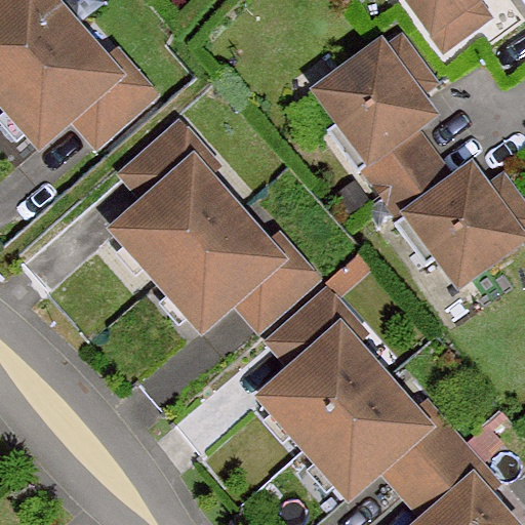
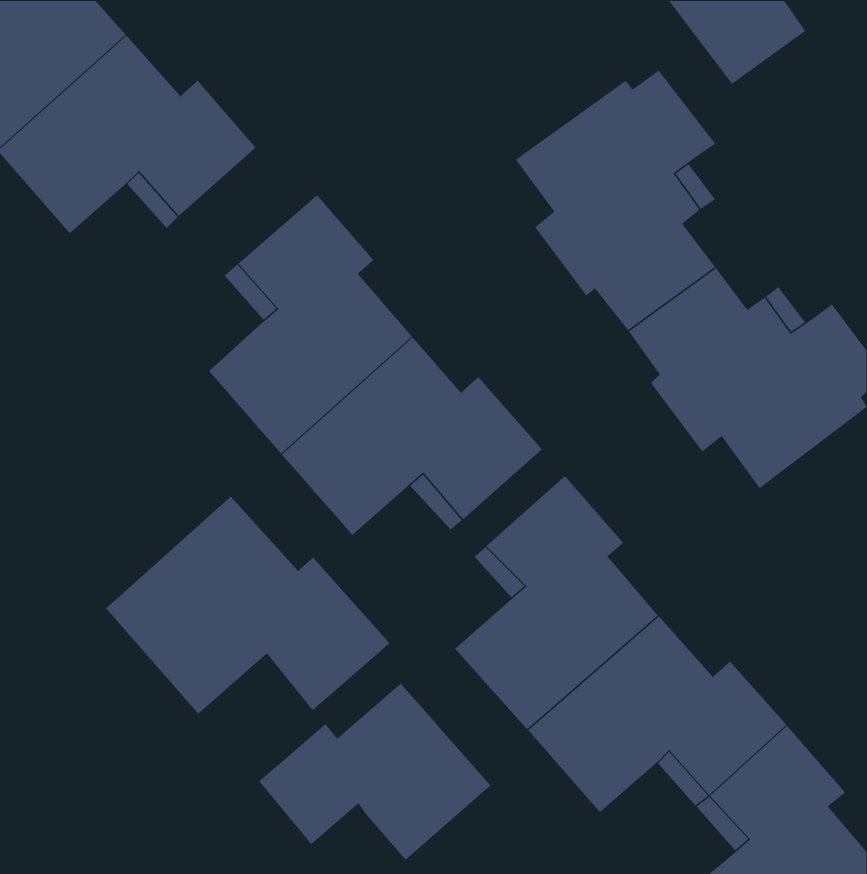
building: none -> [105,496,391,715]
building: none -> [258,683,492,861]

